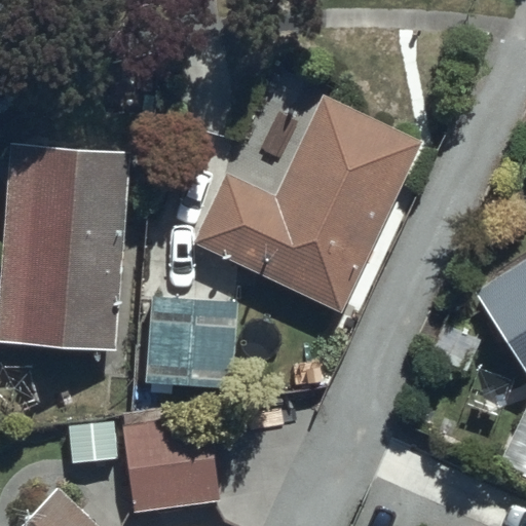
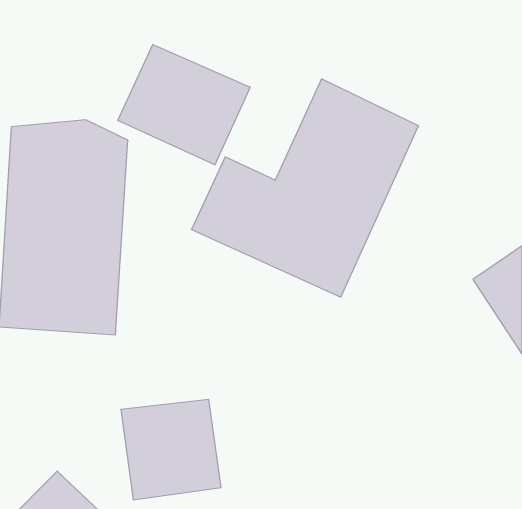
building: none -> [118,45,250,165]
building: [145,300,235,394] -> none

